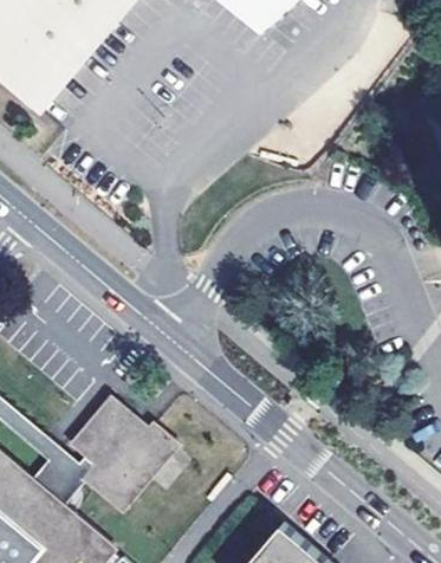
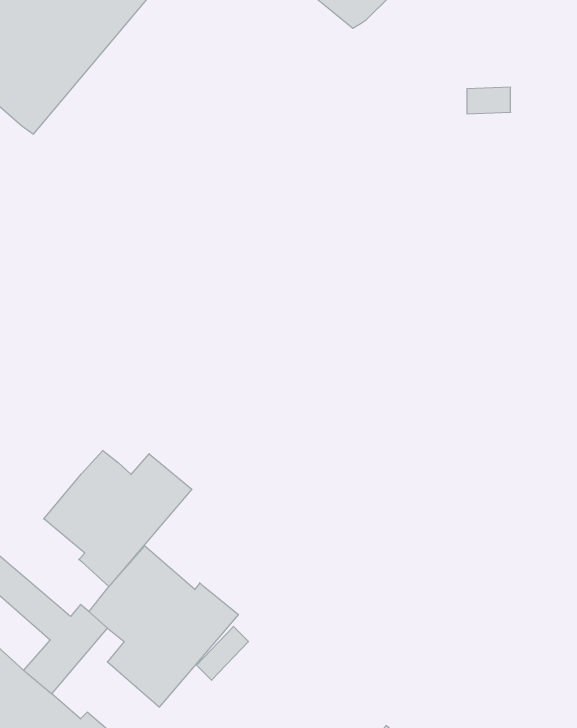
building: none -> [44,450,192,586]

